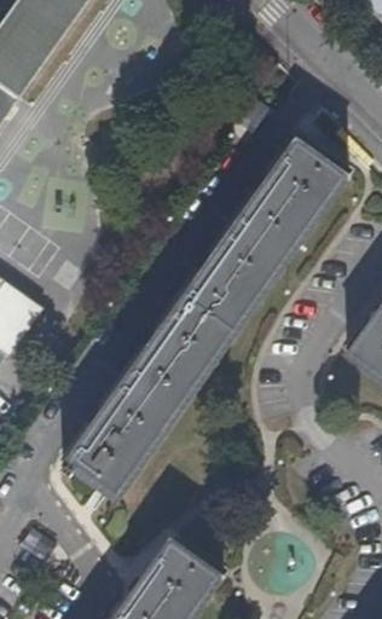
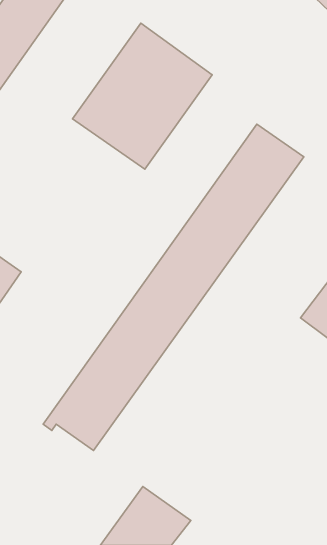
building: none -> [73,23,212,169]

